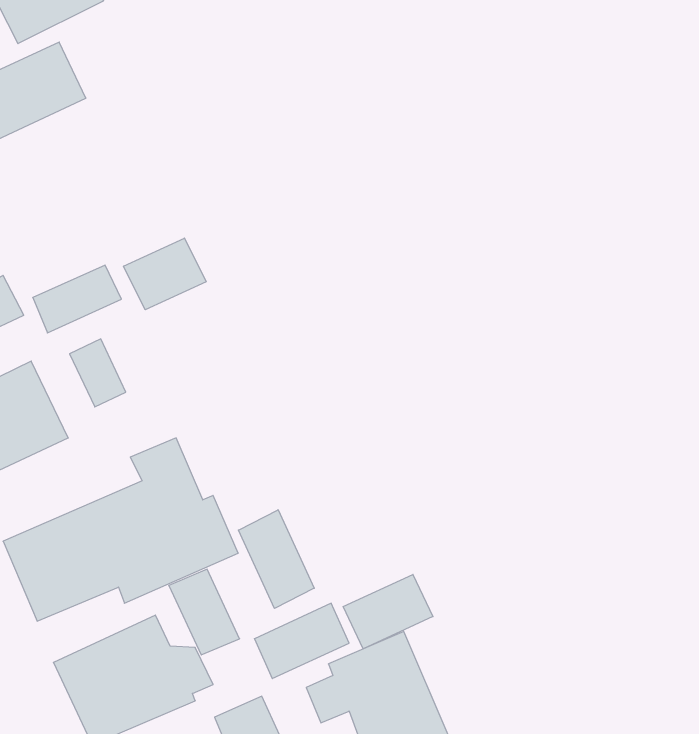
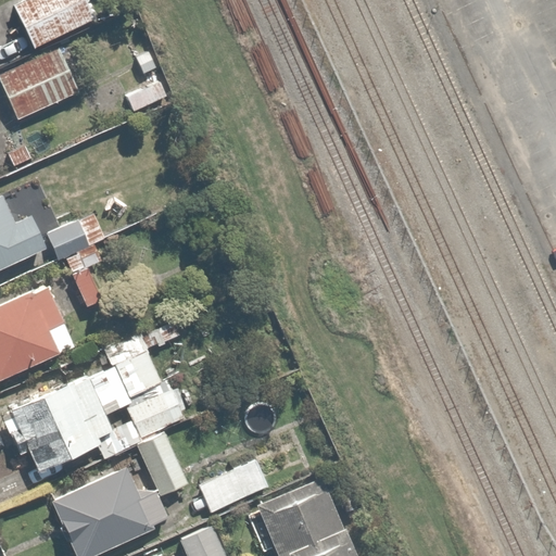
building: [124,238,206,310] -> none
building: [238,510,314,608] -> none
building: [343,574,433,649] -> none

